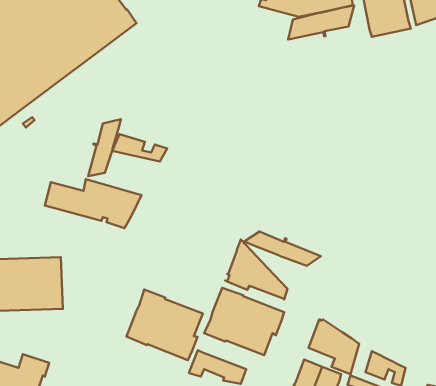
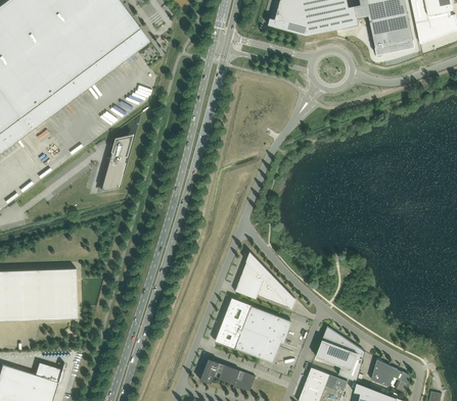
building: [288,5,354,40] -> none
building: [112,134,167,162] -> none
building: [45,179,141,228] -> none
building: [244,232,321,266] -> none
building: [126,290,203,360] -> none

